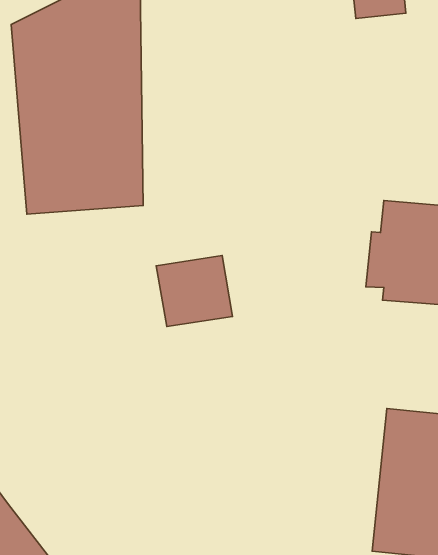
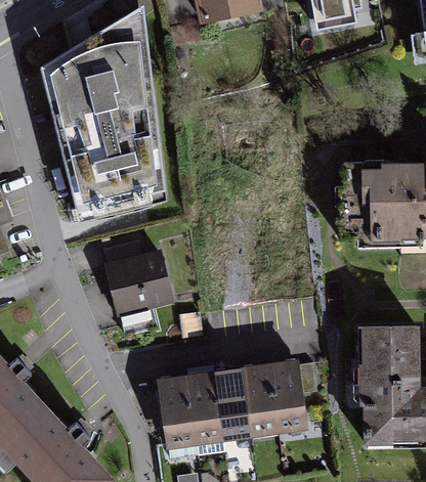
building: [156,256,233,326] -> [108,253,172,313]
building: none -> [161,364,307,449]

